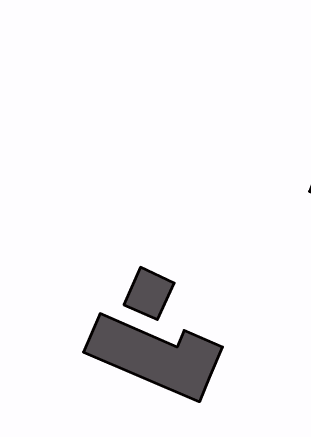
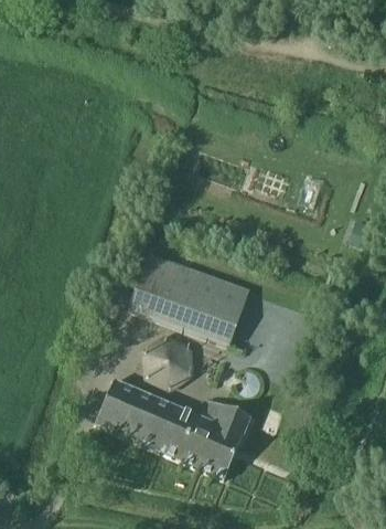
building: none -> [130,252,249,343]

